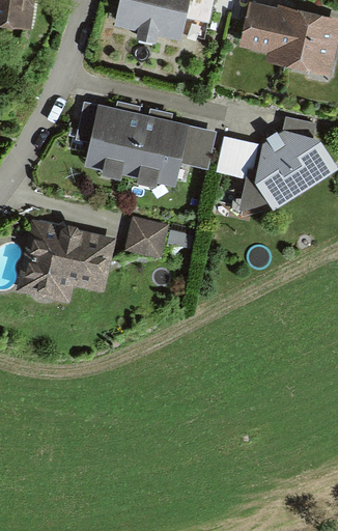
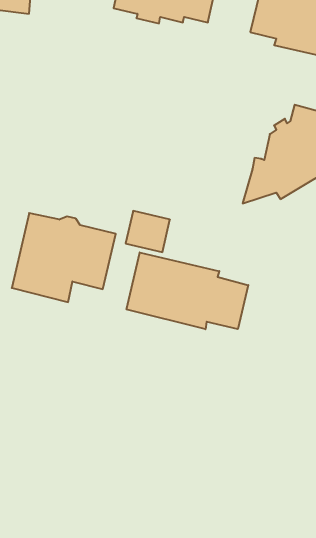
building: [77,102,216,184] -> none
building: [216,136,259,176] -> none
building: none -> [127,252,248,329]

